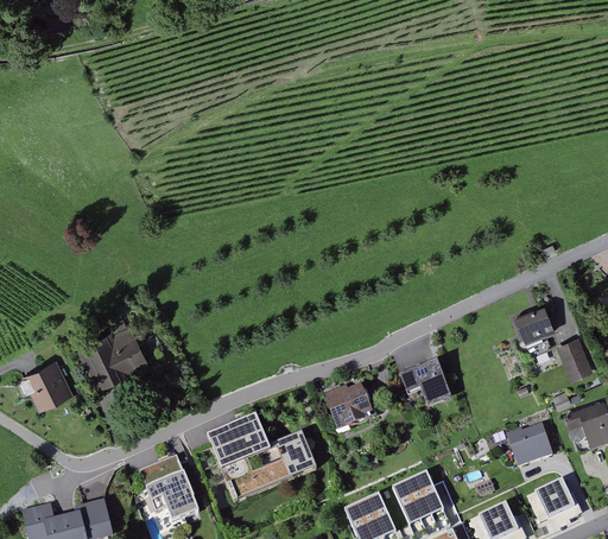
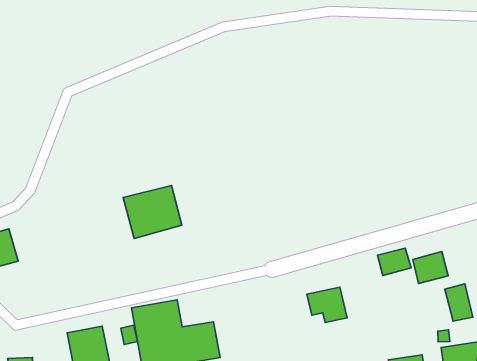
building: none -> [378,248,411,275]
building: [77,326,148,393] -> [123,186,182,238]
building: [325,382,374,432] -> none

